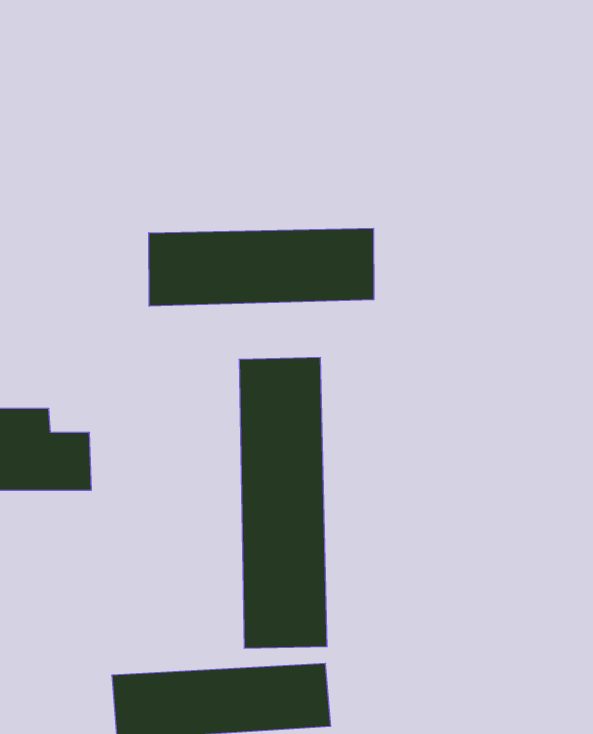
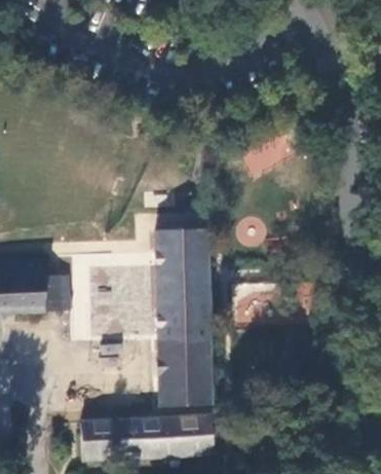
building: [149,228,374,306] -> none

